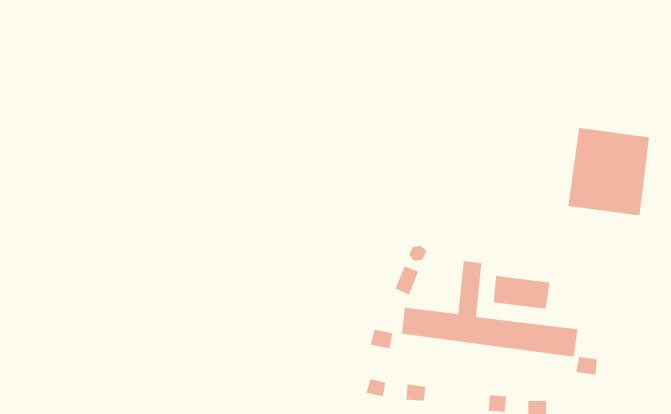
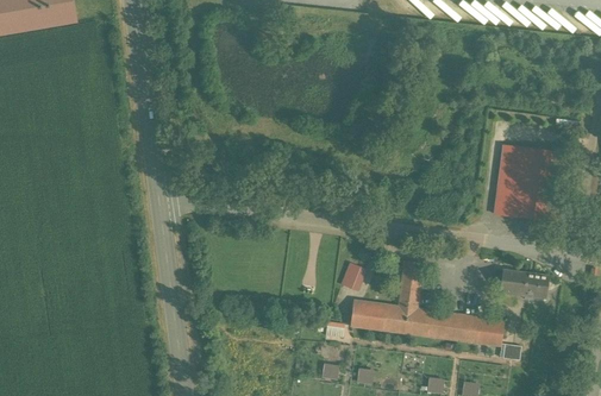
building: [493,275,550,310] -> [499,269,549,298]

